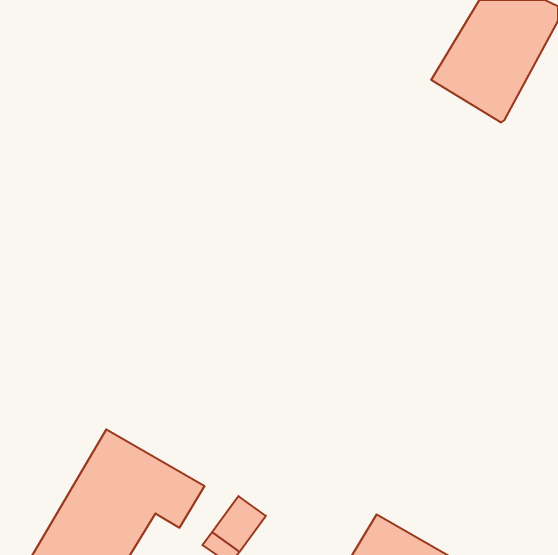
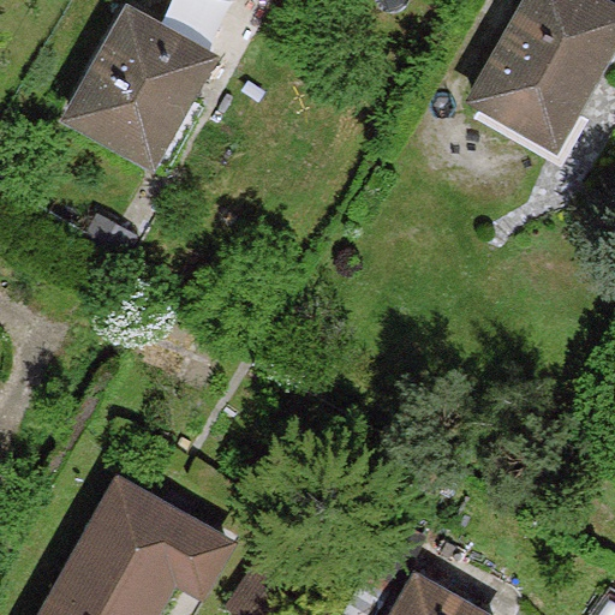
building: none -> [85,19,221,162]

